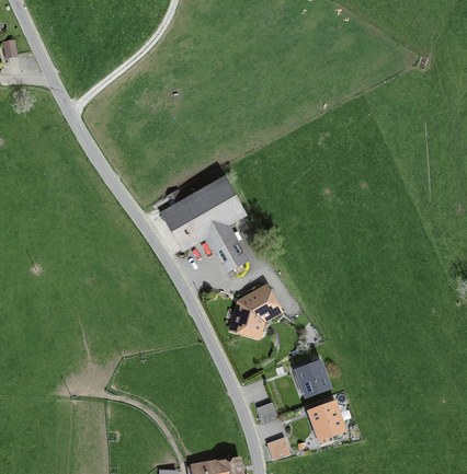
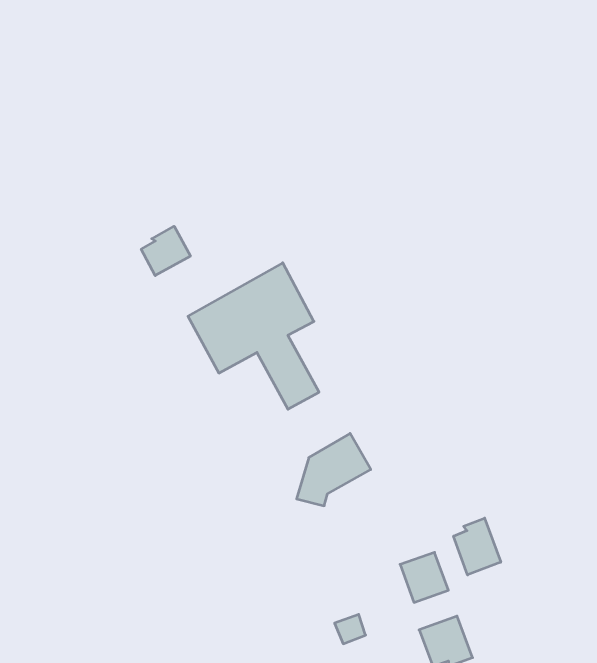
building: none -> [141,226,190,276]
building: none -> [454,518,501,575]

